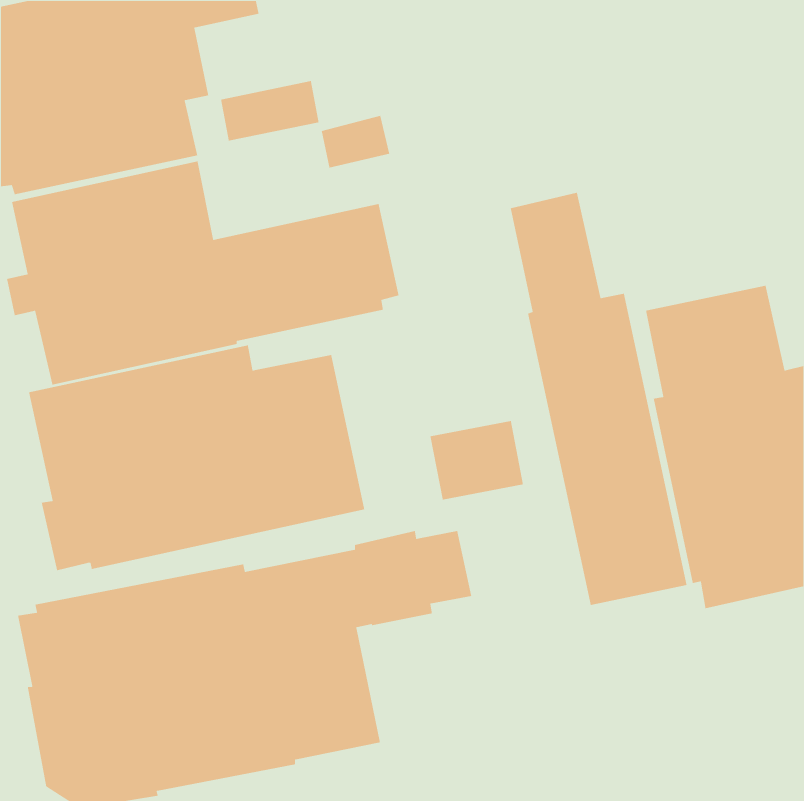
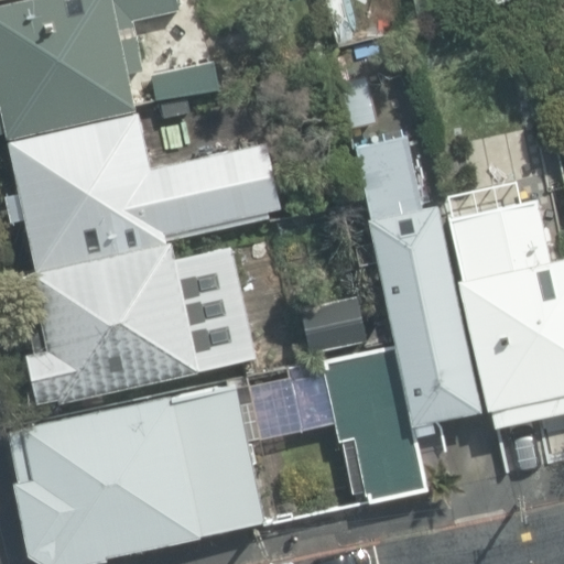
building: none -> [321,349,426,505]

